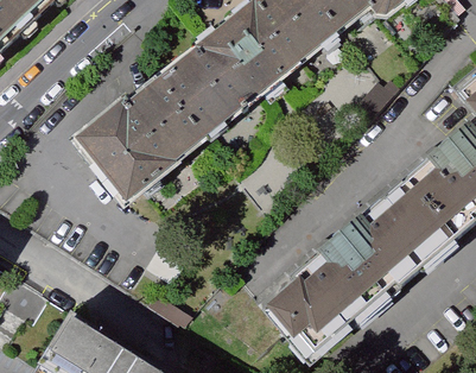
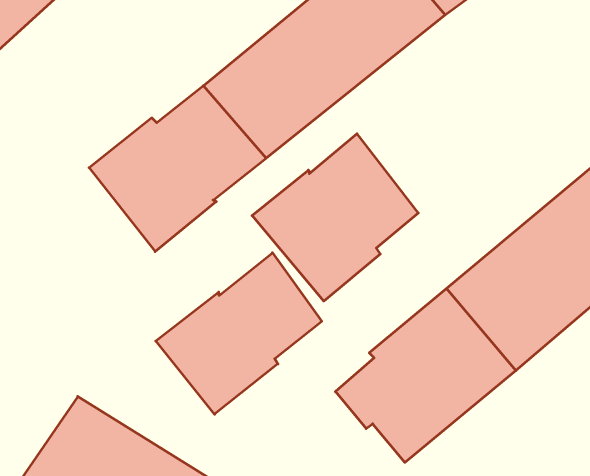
building: none -> [252,134,418,301]
building: none -> [156,253,322,414]

